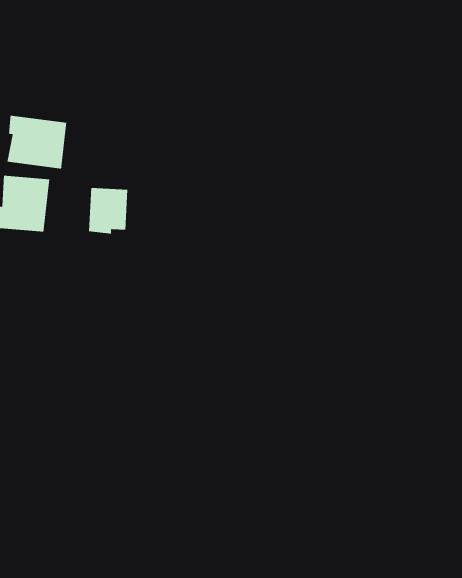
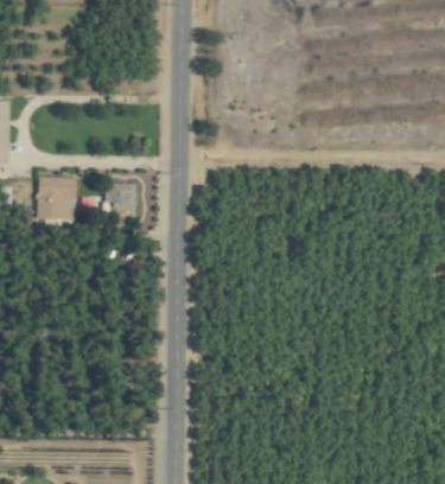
building: [7,115,67,169] -> none

